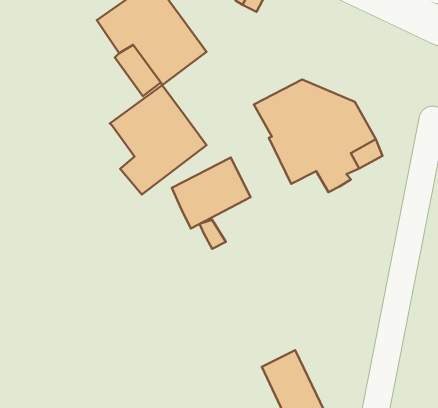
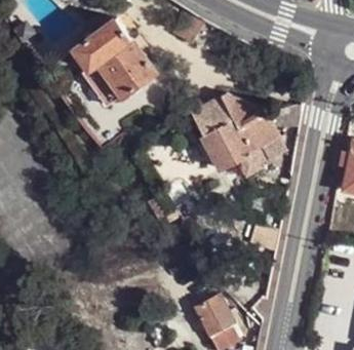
building: [110,85,207,194] -> none
building: [172,157,251,229] -> none

